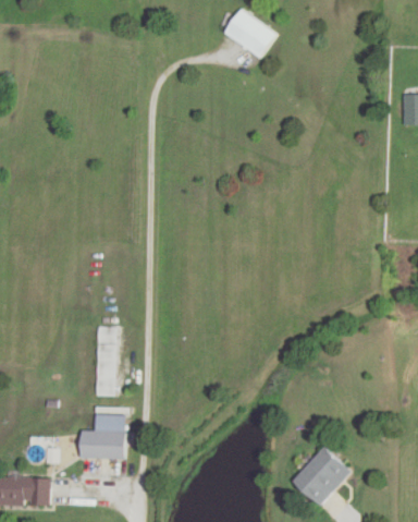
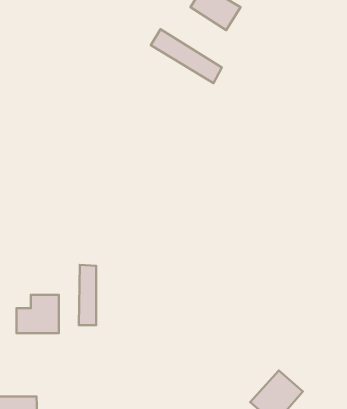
building: none -> [151,29,222,83]
building: [78,414,126,458] -> [16,295,59,333]

